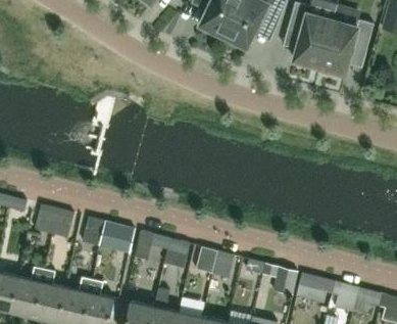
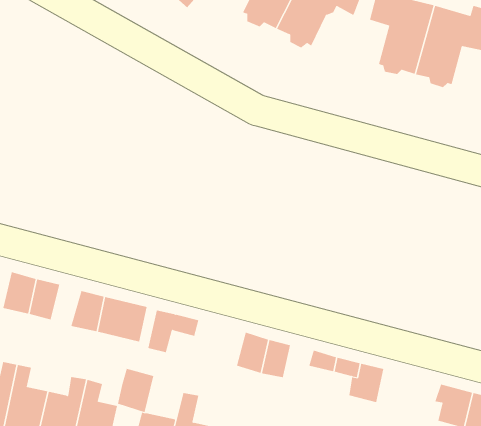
building: [163,237,189,268] -> [117,368,154,413]
building: [295,272,336,304] -> none

